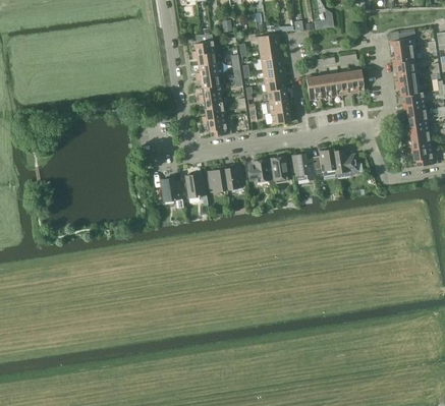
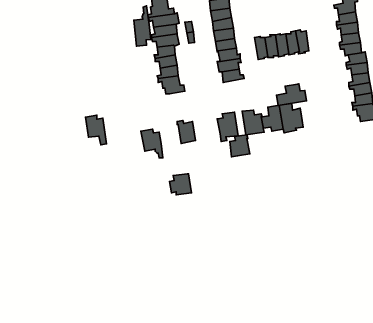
building: none -> [134,6,151,46]
building: none -> [276,84,307,106]
building: [247,158,269,181] -> [230,135,250,157]
building: [204,168,227,190] -> [169,174,191,195]
building: [161,176,183,208] -> [86,115,107,145]

